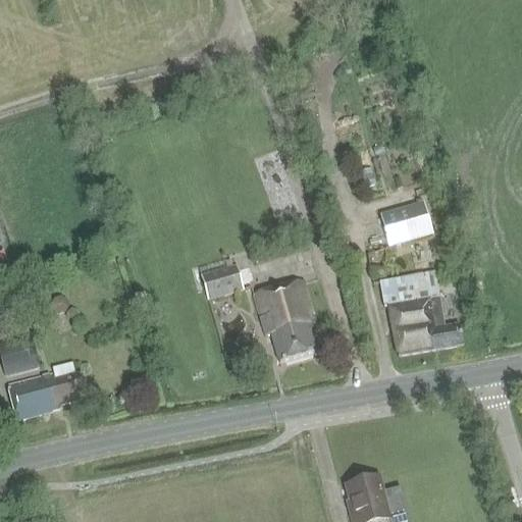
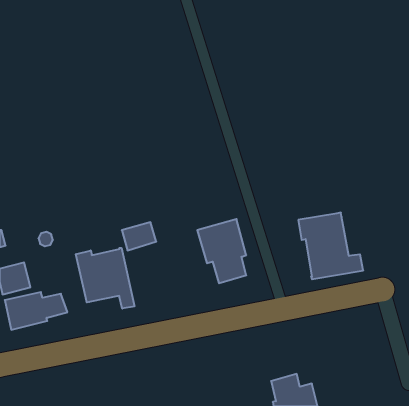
building: [381,197,435,244] -> none
building: [199,263,243,299] -> [122,222,156,250]
building: none -> [76,248,134,309]

